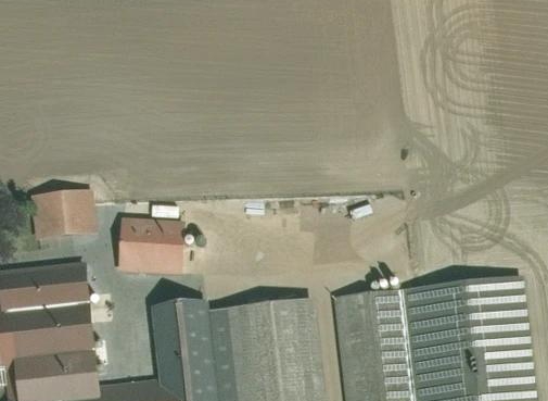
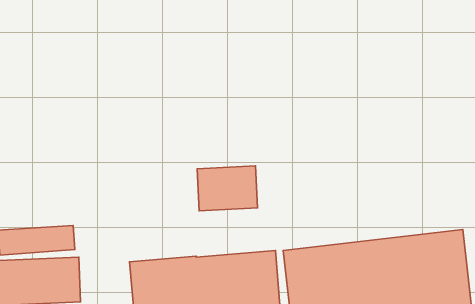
building: [28,193,88,239] -> none
building: [112,221,180,272] -> [197,166,258,211]

